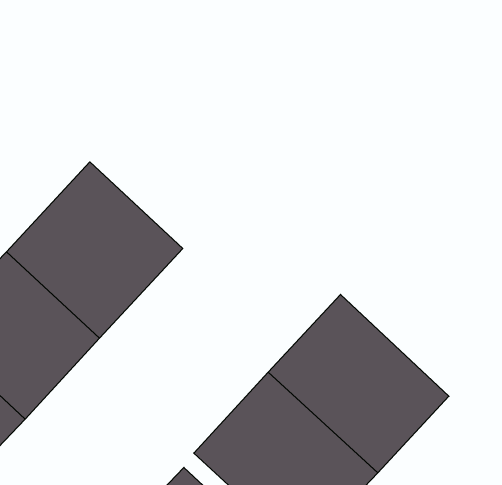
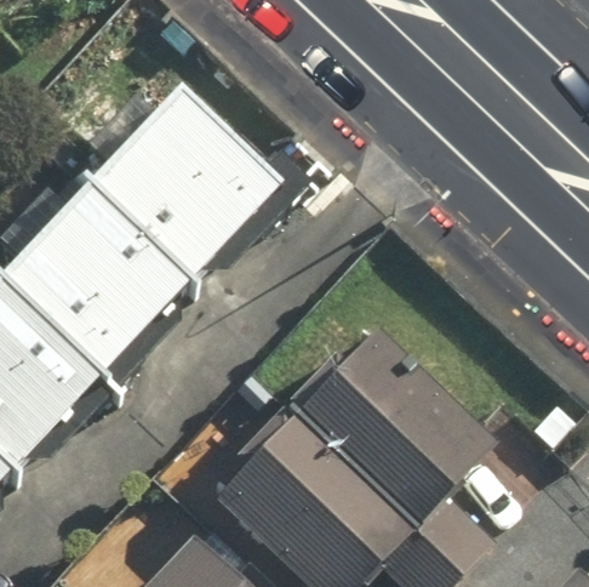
building: none -> [105,82,299,275]

